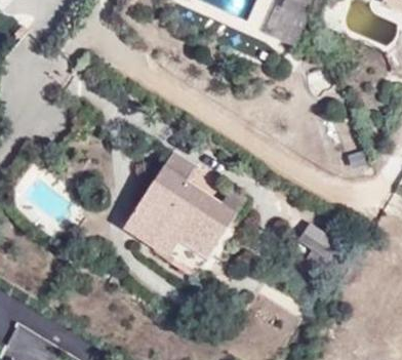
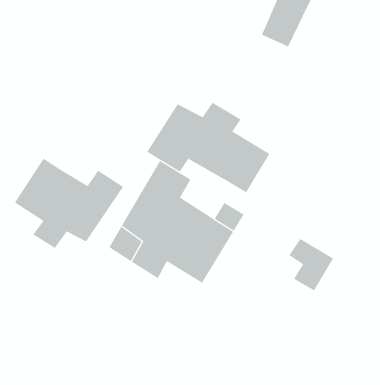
building: none -> [146,102,270,193]
building: none -> [14,158,124,249]

